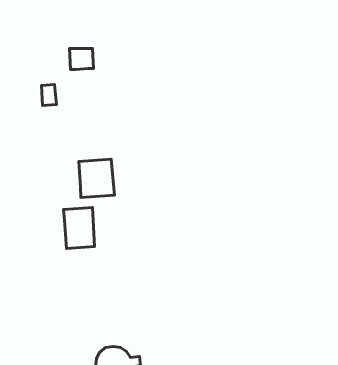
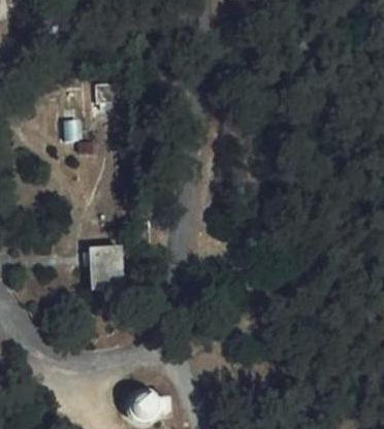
building: [79,159,115,197] -> none

